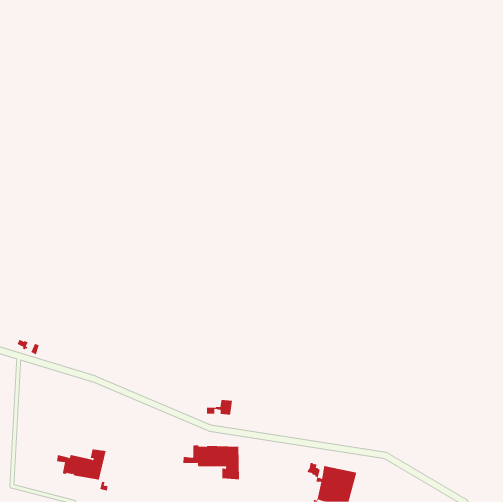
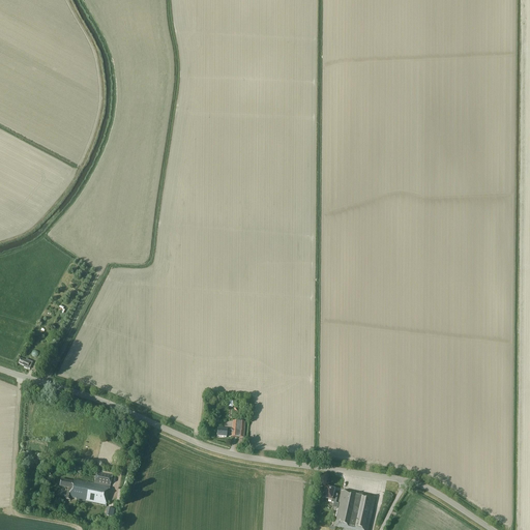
building: [183,445,240,480] -> none

